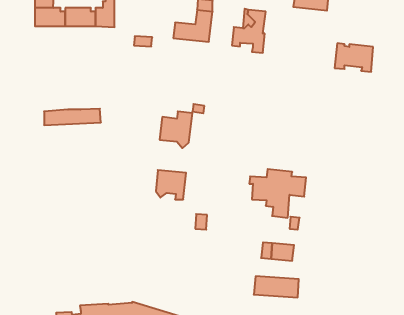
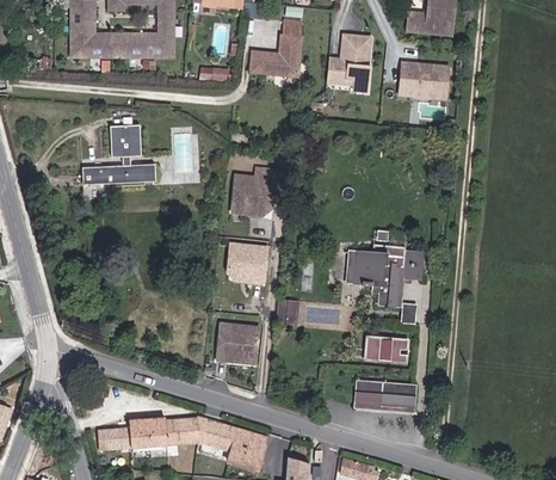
building: [335,43,373,72] -> [399,62,449,99]
building: none -> [110,124,141,156]
building: none -> [217,324,259,361]

